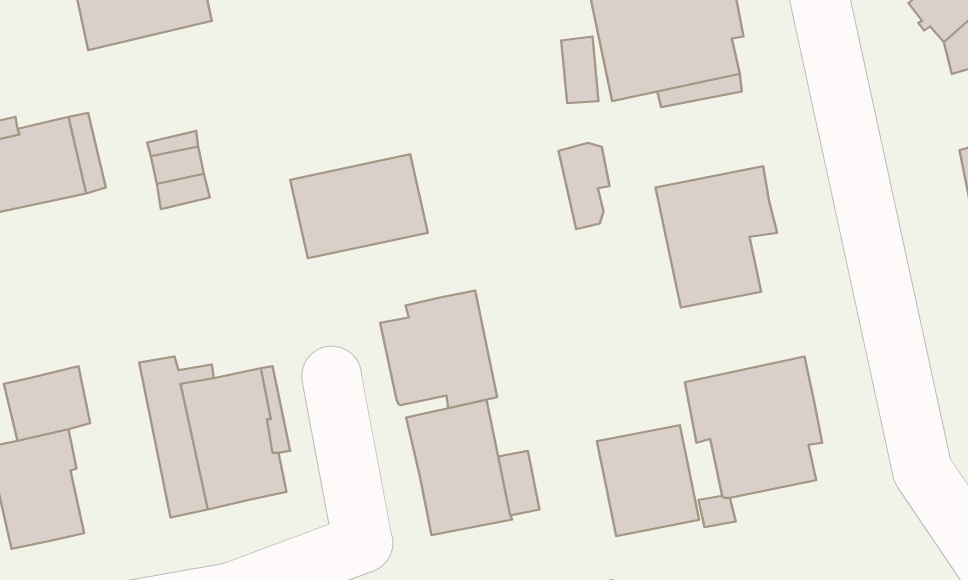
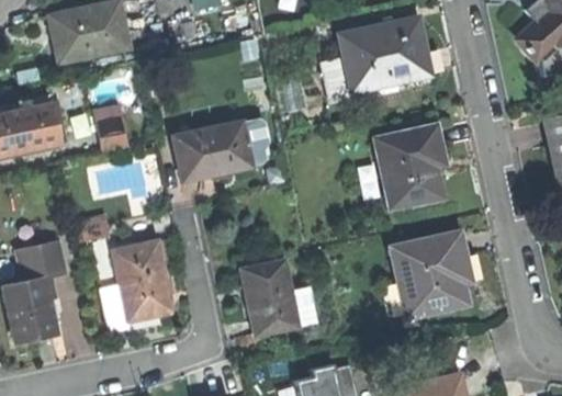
building: [559,143,610,229] -> [239,117,268,166]
building: [380,291,497,408] -> none
building: [597,425,699,536] -> none

